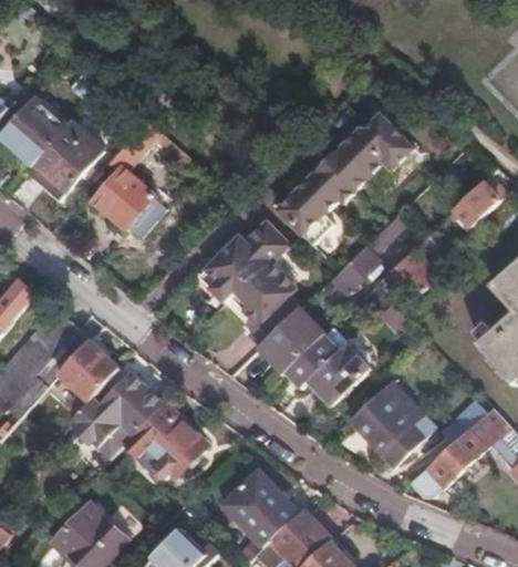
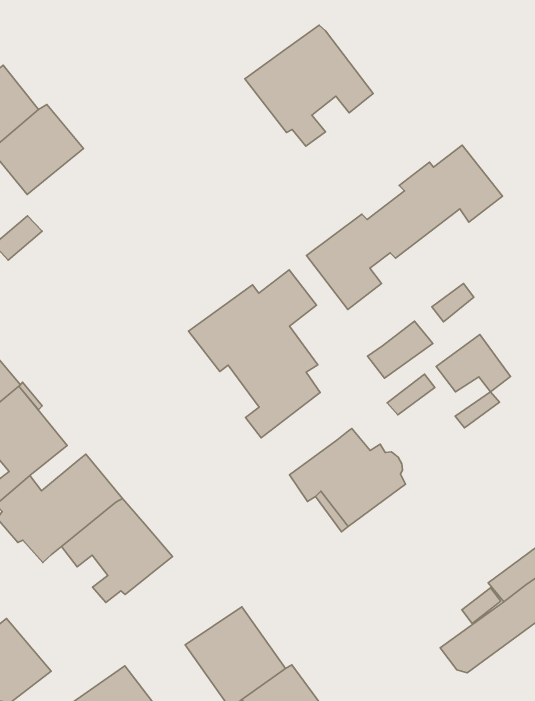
building: none -> [245,25,373,146]
building: [91,120,160,228] -> none
building: [260,307,323,370] -> none
building: [351,383,433,462] -> none

